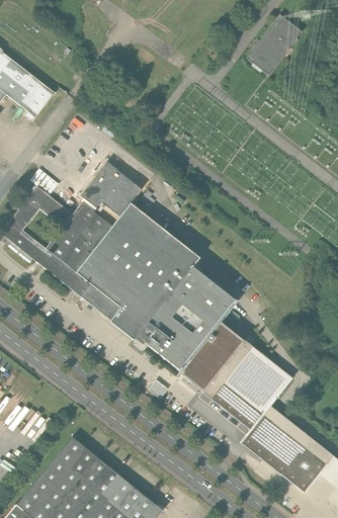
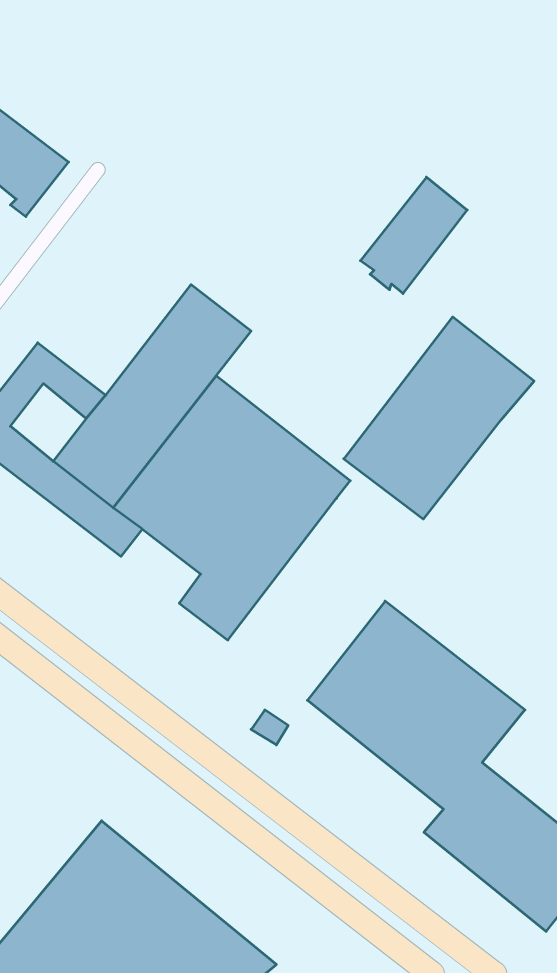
building: [246,15,302,76] -> [360,177,467,294]
building: [138,268,237,373] -> [344,317,534,519]
building: [82,284,123,323] -> none

